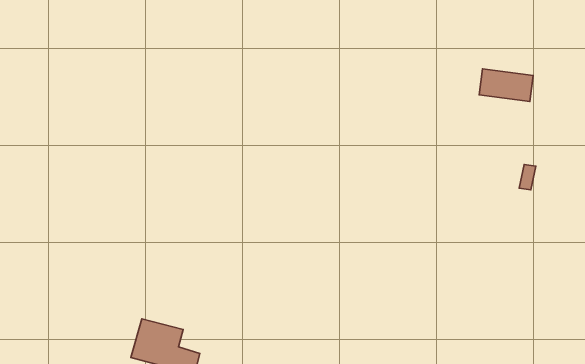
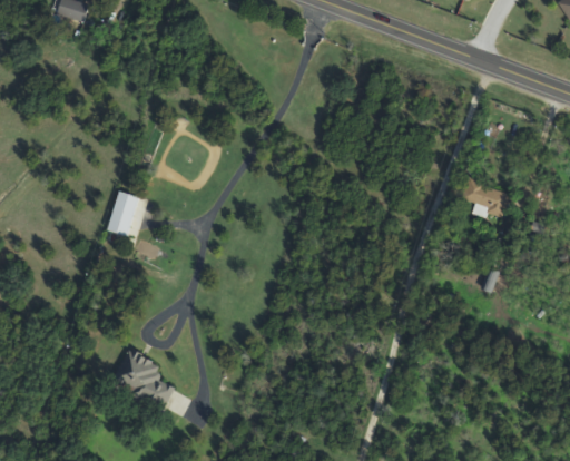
building: none -> [108,190,138,238]

